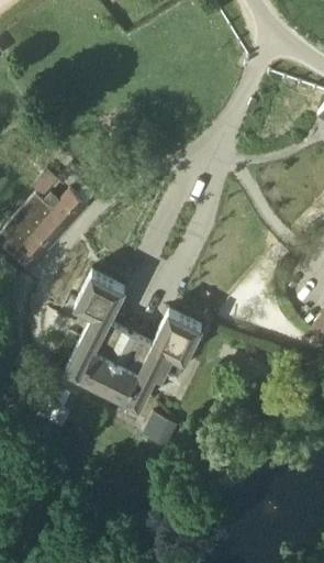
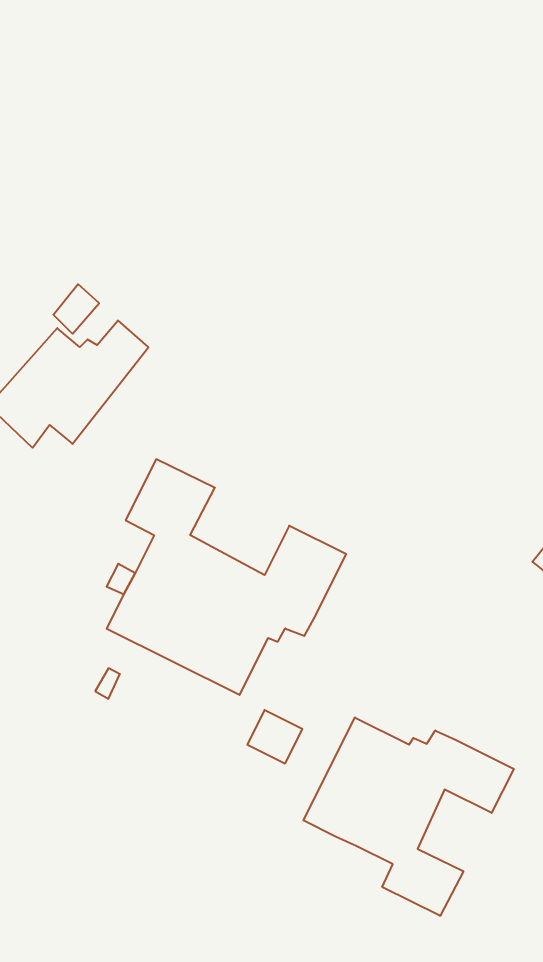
building: none -> [303,717,514,916]

